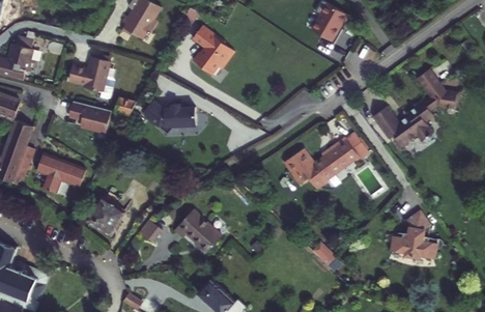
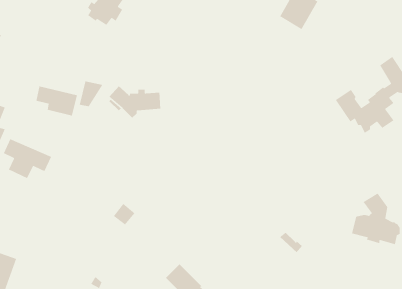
building: [190,25,233,75] -> none
building: [67,57,114,101] -> none
building: [294,125,365,186] -> none
building: [84,197,121,235] -> none
building: [179,209,227,254] -> none

